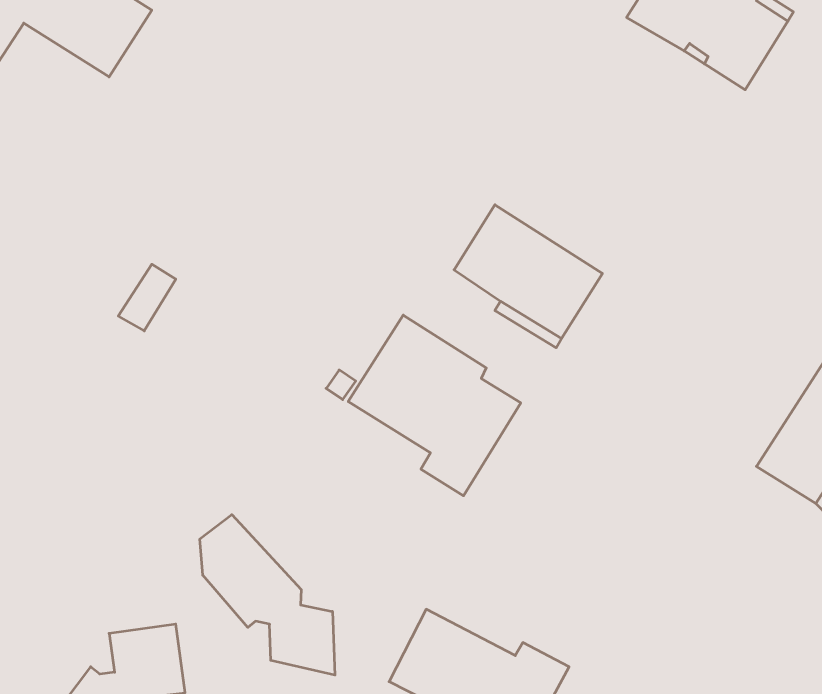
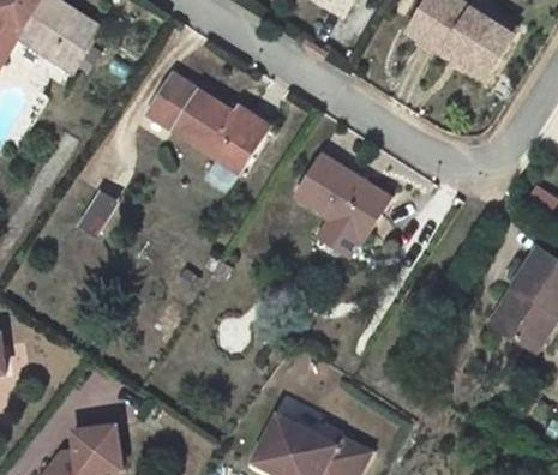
building: none -> [148,74,269,193]
building: [348,315,521,496] -> none
building: [200,515,335,675] -> none

